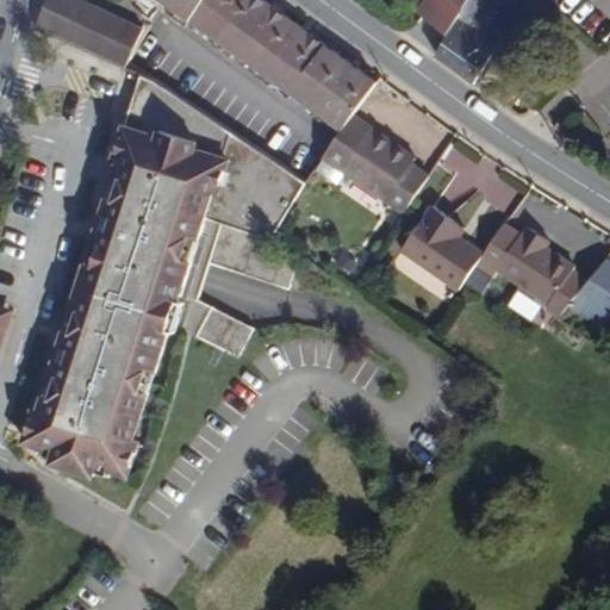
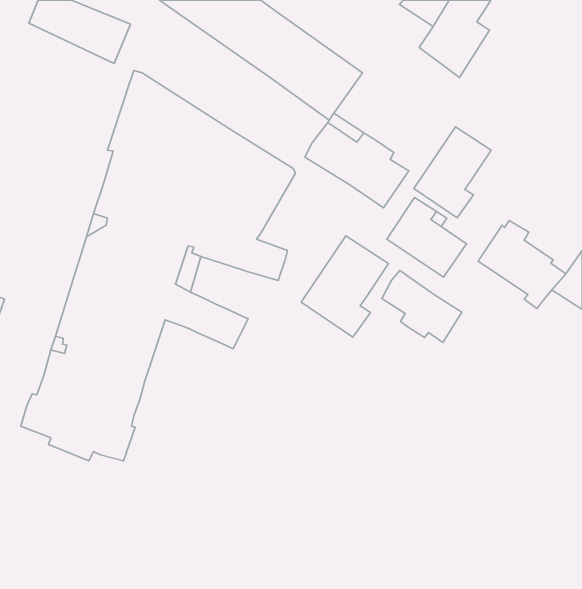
building: none -> [414,127,491,218]
building: none -> [301,236,388,337]
building: none -> [382,270,462,343]

